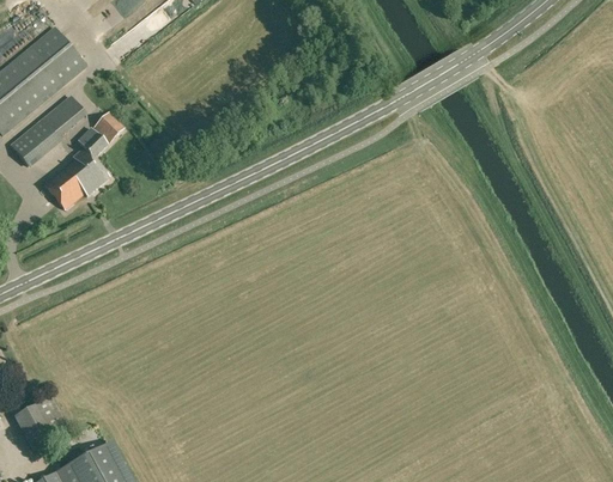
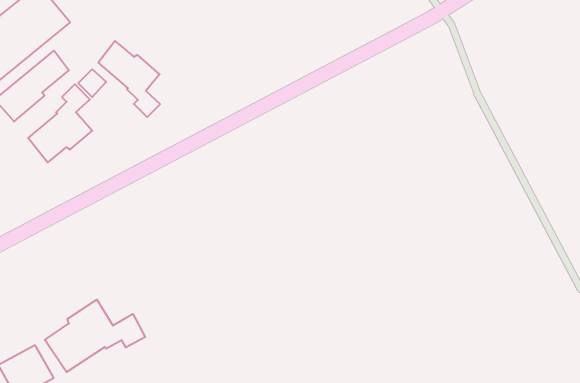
building: none -> [98,41,160,117]
building: none -> [45,300,145,372]

